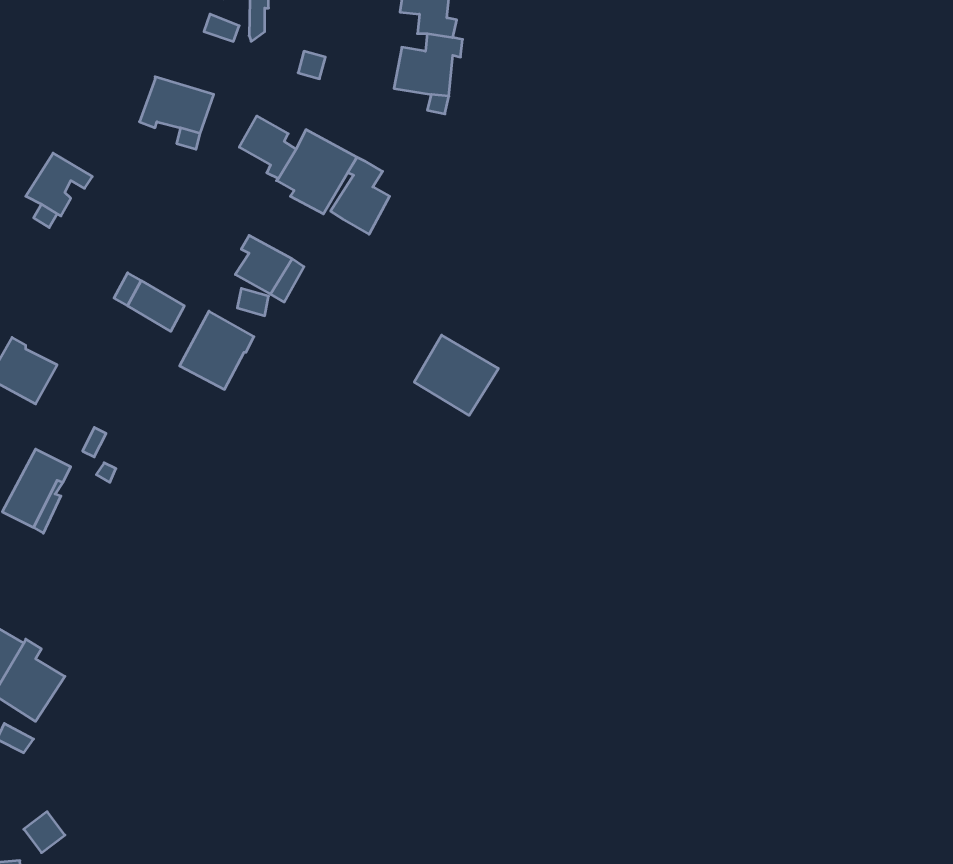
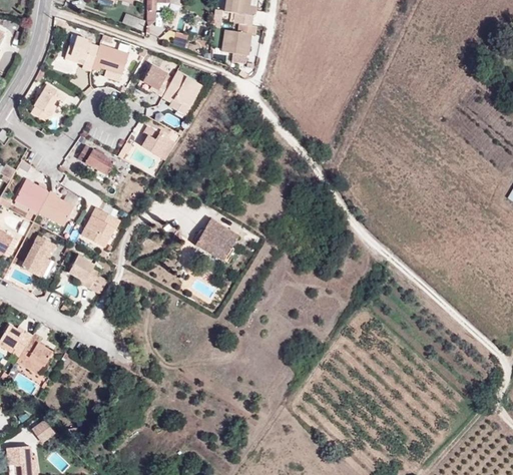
building: none -> [65,35,99,70]
building: [331,157,390,234] -> none
building: [180,311,254,389] -> [81,206,119,247]
building: [414,335,498,415] -> [195,218,238,260]
building: none -> [38,190,74,225]
building: none -> [68,255,98,287]

